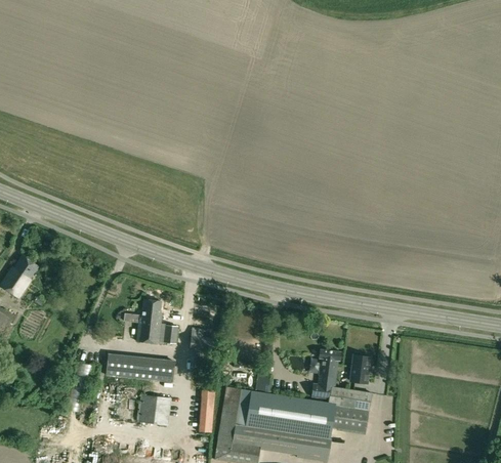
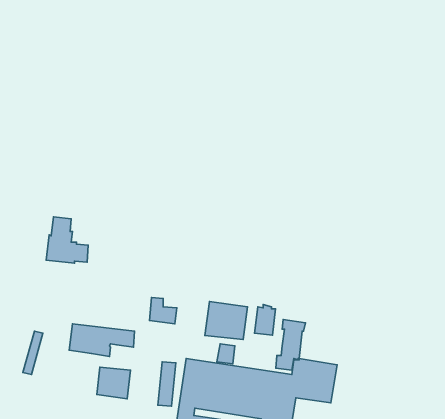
building: [136,299,177,344] -> [46,217,88,263]
building: none -> [205,301,247,340]
building: [349,353,370,383] -> [255,305,276,335]

